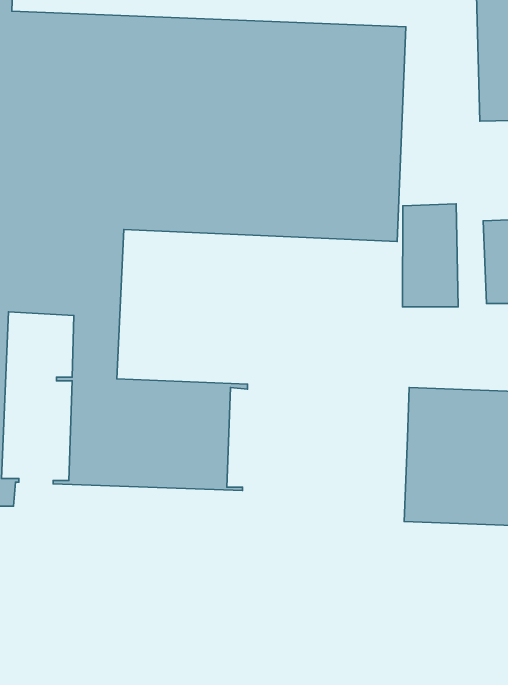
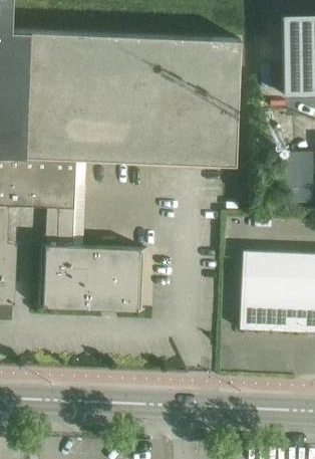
building: [403,204,458,307] -> none

